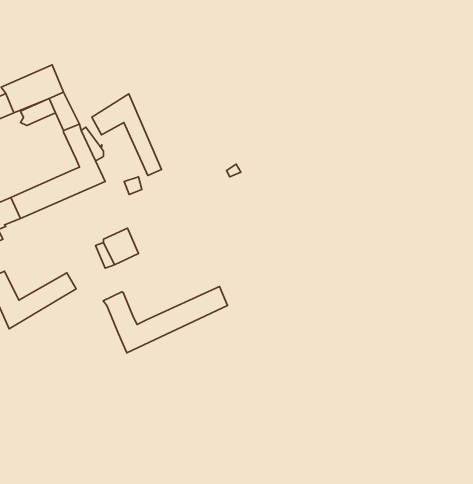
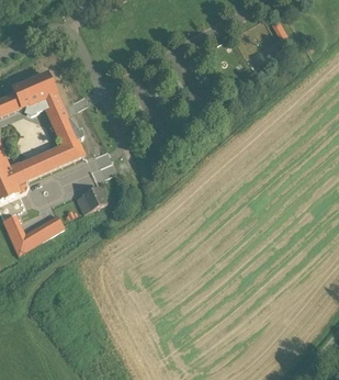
building: [92,94,162,176] -> none
building: [103,287,228,353] -> none

